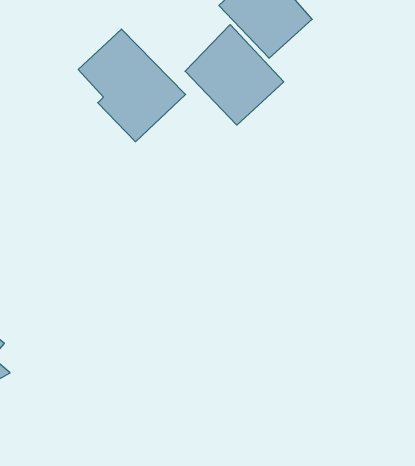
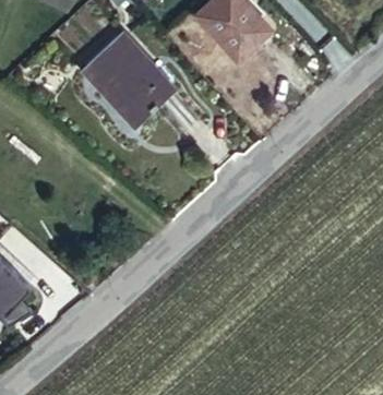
building: [185,25,284,125] -> none

